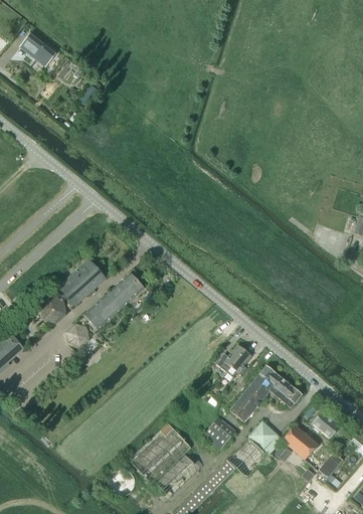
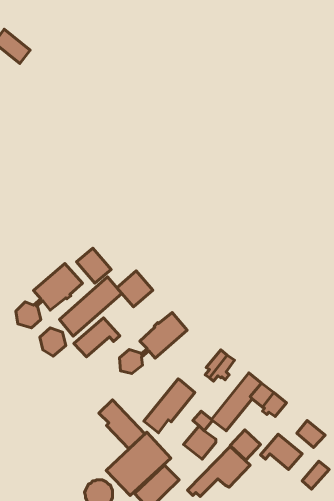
building: none -> [76,248,111,283]
building: none -> [117,271,153,307]
building: none -> [119,312,187,374]
building: none -> [74,318,120,357]
building: none -> [144,379,195,433]
building: none -> [99,400,145,449]

